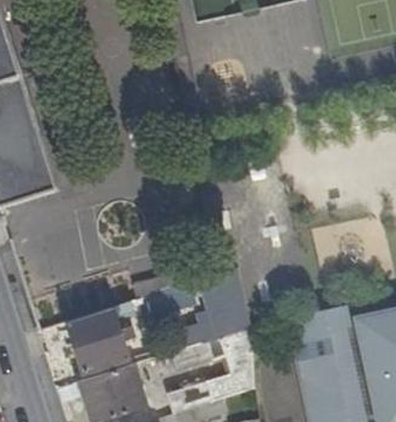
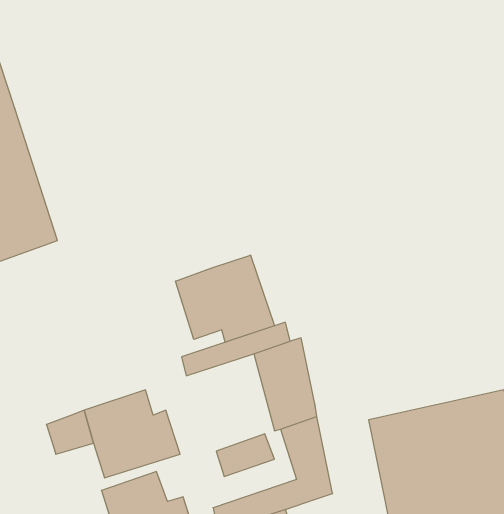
building: none -> [175,255,274,342]

